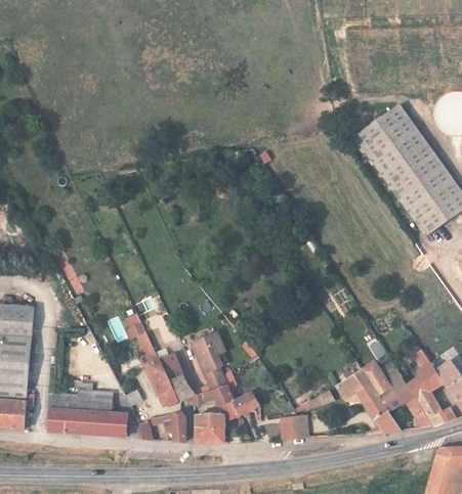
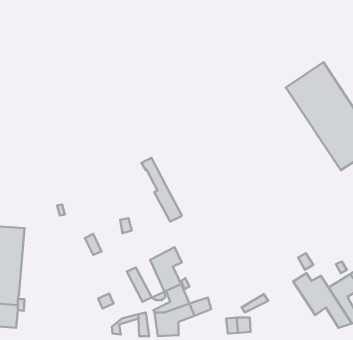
building: [129,327,178,405] -> [142,158,182,221]
building: [335,373,401,433] -> none
building: [49,383,125,436] -> none

